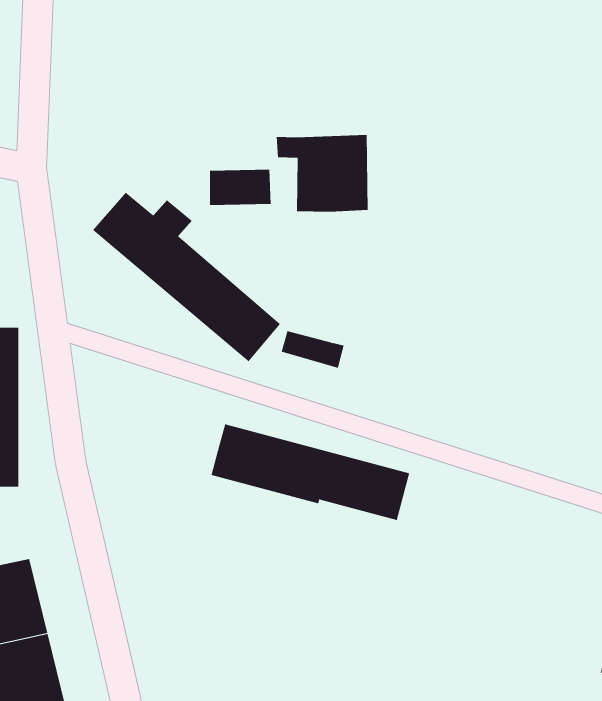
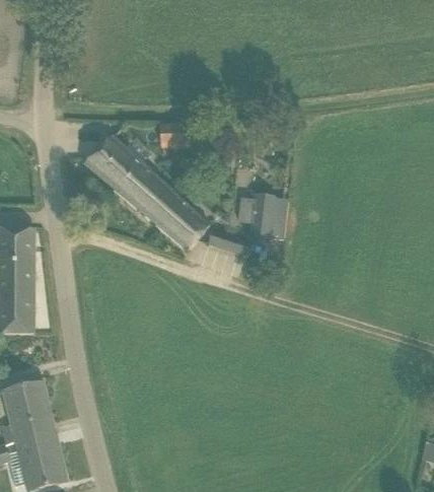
building: [276,134,368,213] -> none
building: none -> [248,193,286,237]
building: [211,424,410,521] -> none

